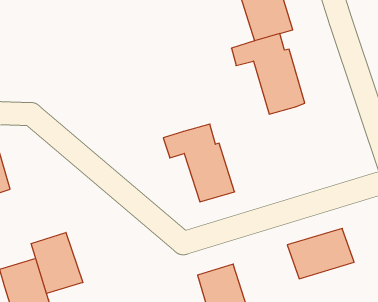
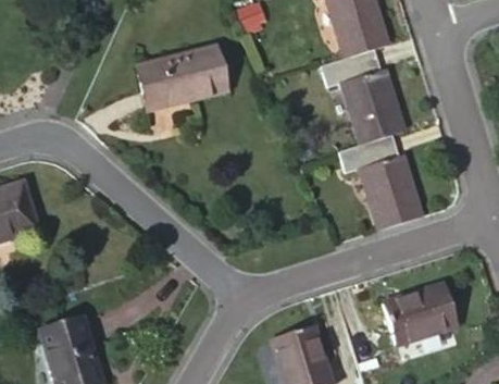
building: none -> [128,44,224,112]
building: [163,124,235,202] -> [337,136,422,228]
building: [31,232,83,294] -> none

